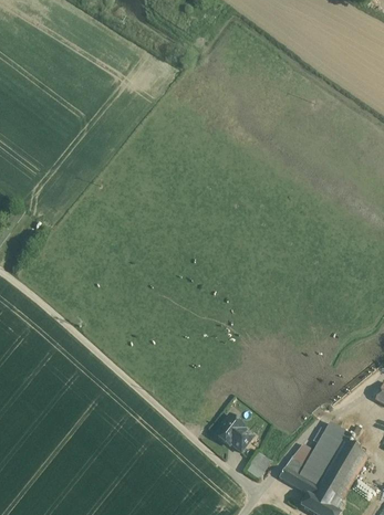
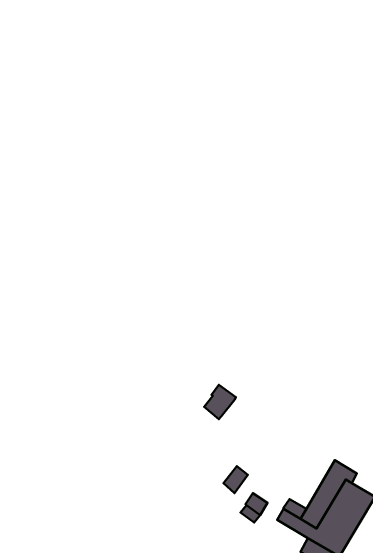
building: [212,412,241,443] -> [204,385,236,419]

